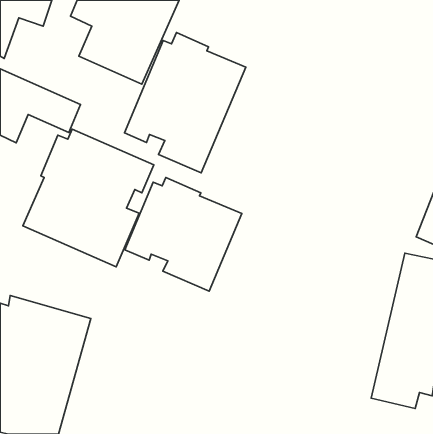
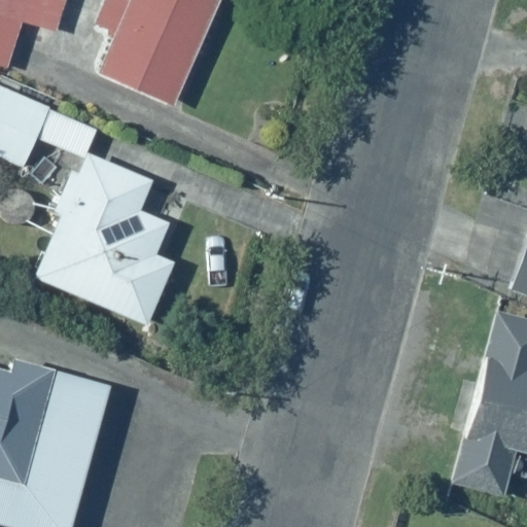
building: [124,33,246,173] -> none
building: [125,178,242,291] -> none

